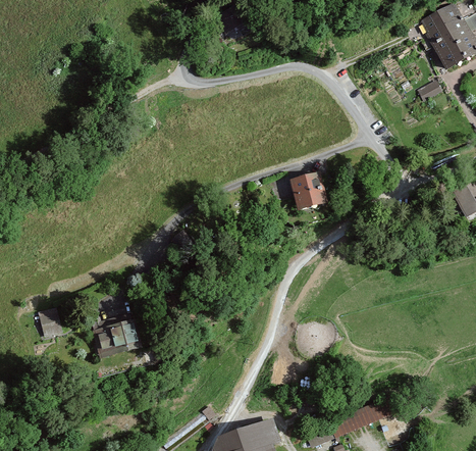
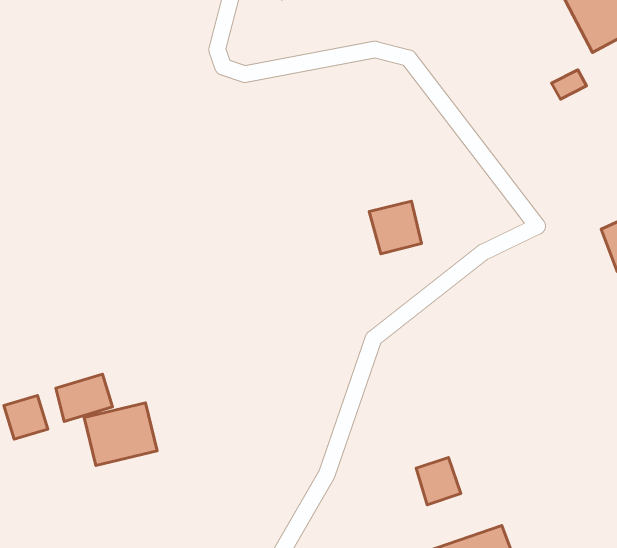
building: none -> [56,374,113,422]
building: none -> [416,458,461,505]

